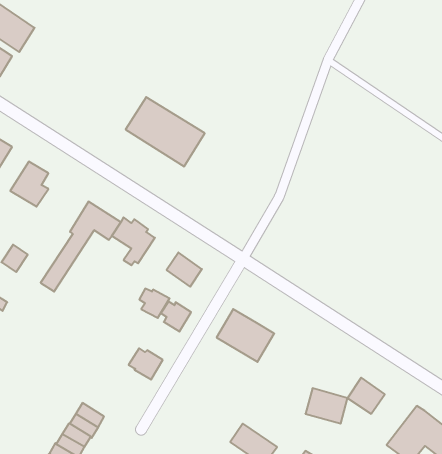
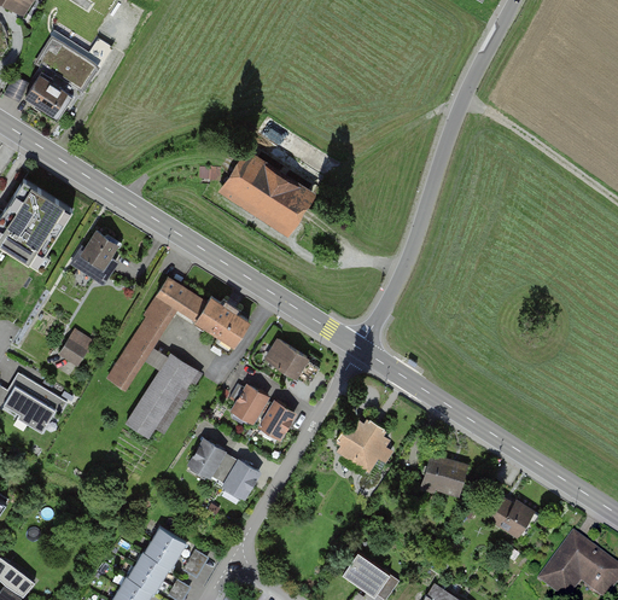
building: none -> [127,355,199,435]
building: none -> [188,439,229,478]
building: [305,388,348,424] -> [414,454,466,497]

